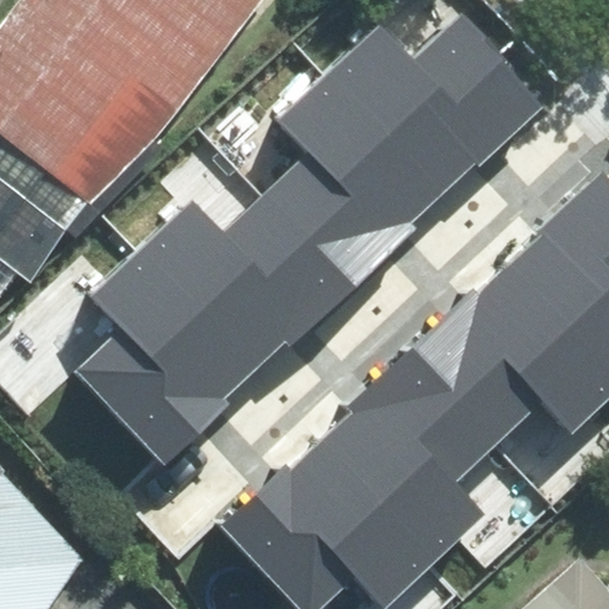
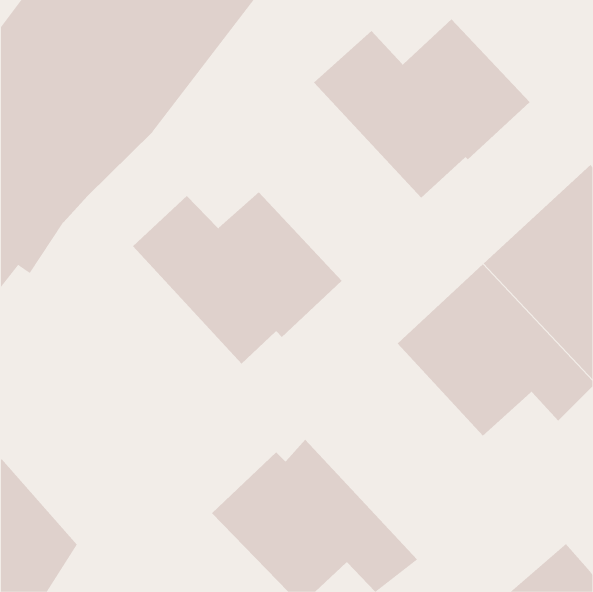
building: [265,84,432,288] -> none
building: [75,252,247,465] -> none
building: [313,352,495,573] -> none

